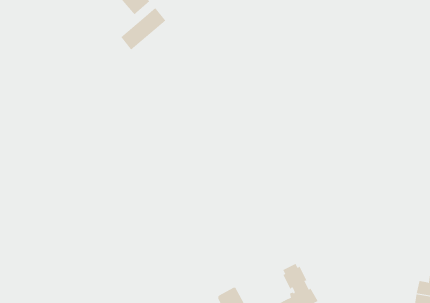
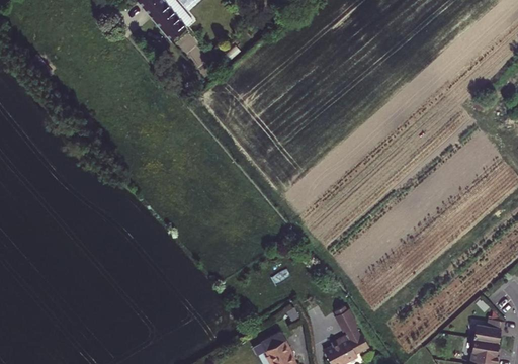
building: [120,7,166,50] -> none

